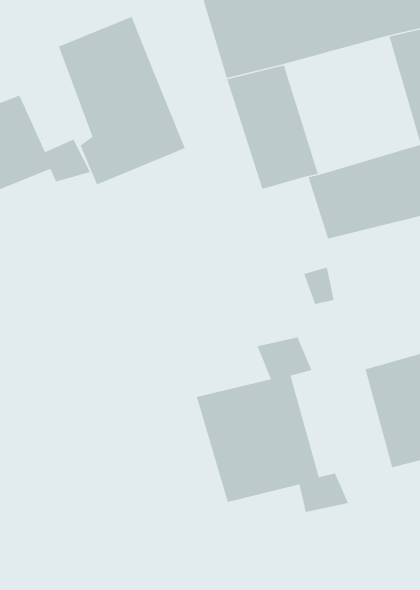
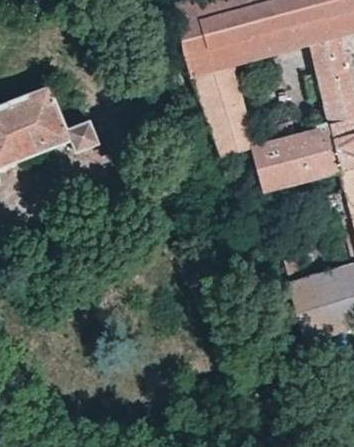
building: [58,16,186,185] -> none
building: [196,336,349,513] -> none

